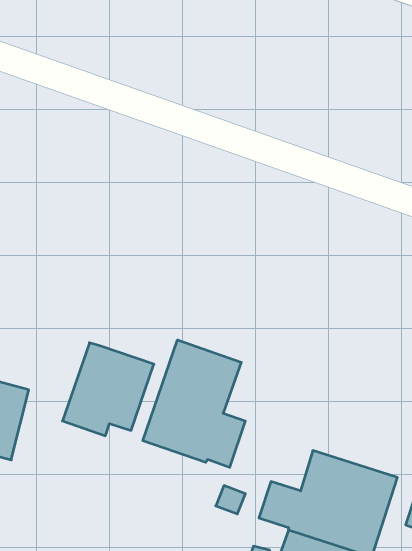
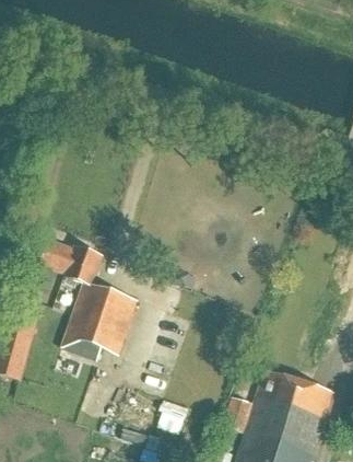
building: none -> [42,242,103,286]
building: [143,340,245,467] -> none

